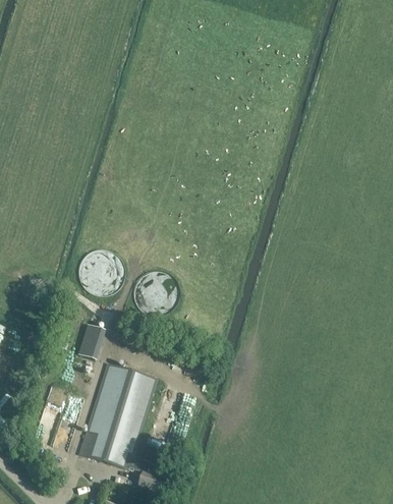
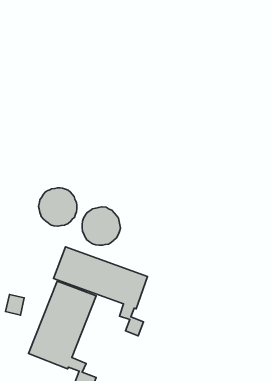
building: none -> [54,247,147,336]
building: [78,325,105,360] -> none

